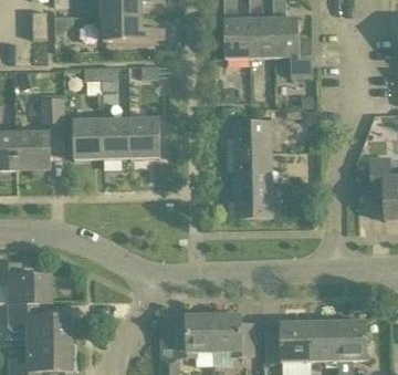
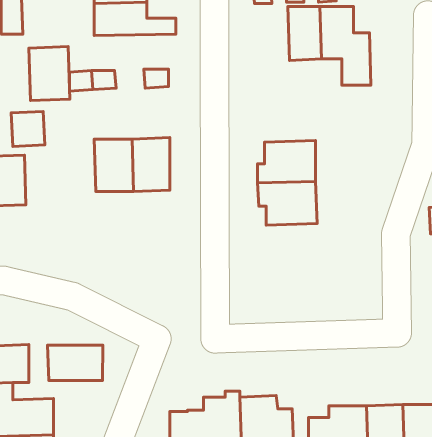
building: [224,18,251,59] -> none
building: [73,118,104,159] -> [29,47,70,101]
building: [229,183,273,219] -> none
building: none -> [48,345,103,381]

